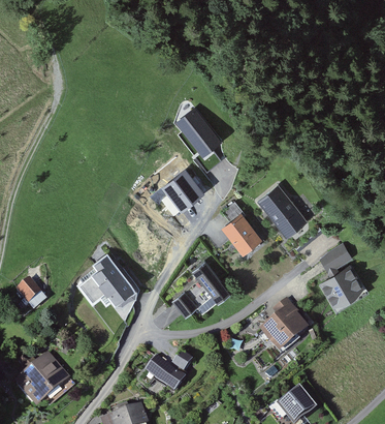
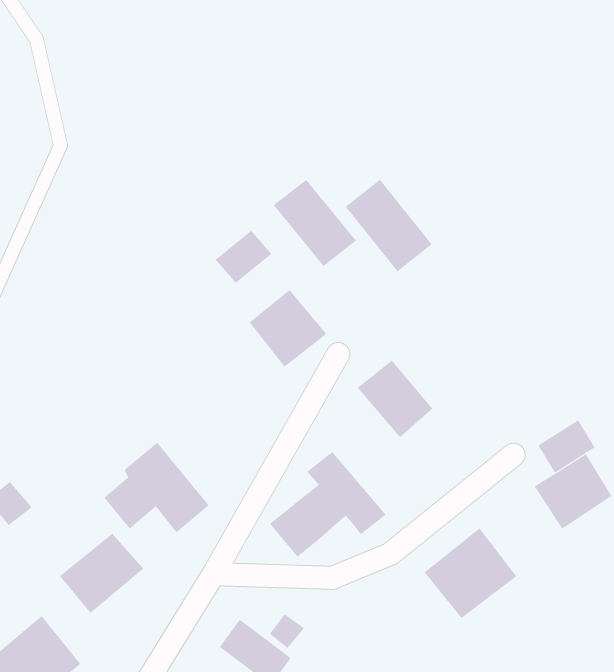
building: none -> [215,230,272,284]
building: [257,182,306,234] -> [345,179,432,272]
building: none -> [59,533,144,614]

